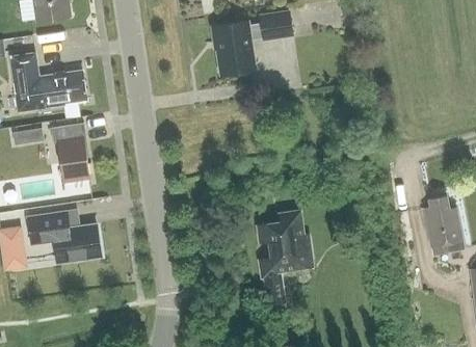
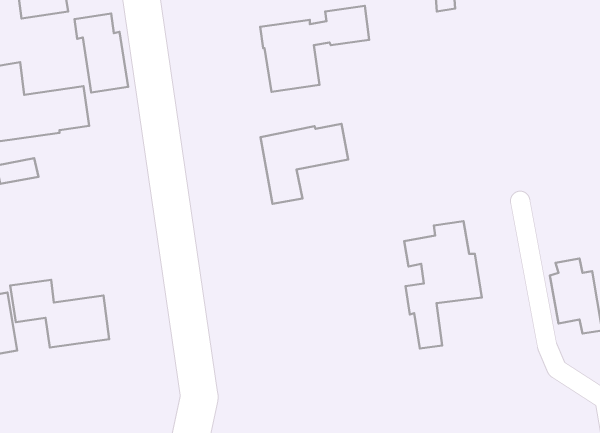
building: none -> [260,124,348,204]
building: [51,123,90,181] -> [74,13,128,93]
building: [257,210,314,303] -> [404,221,482,348]

